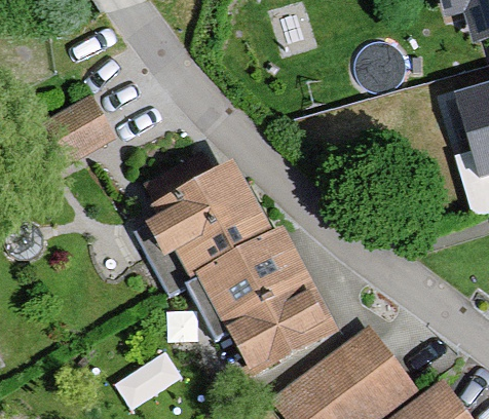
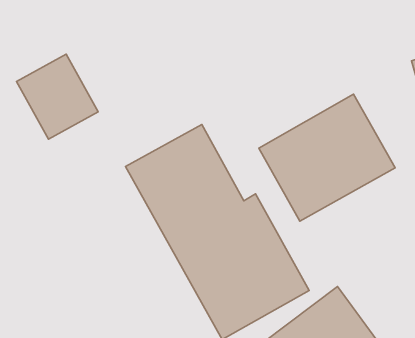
building: none -> [259,94,395,221]

